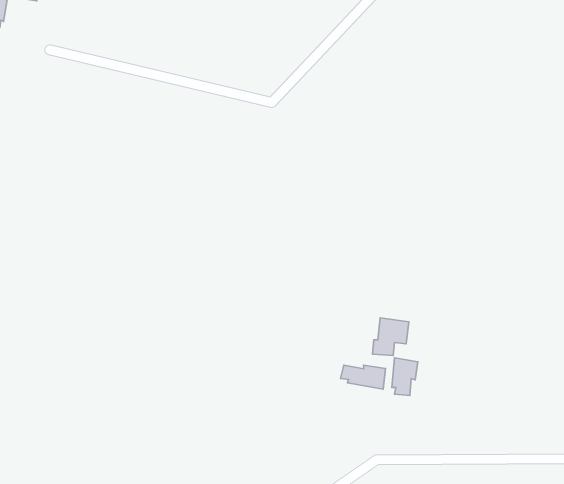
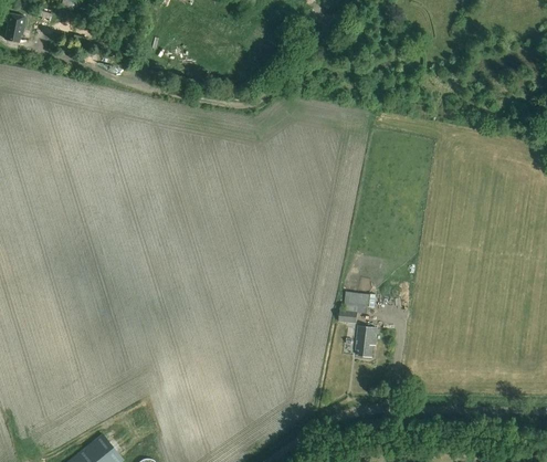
building: [341,365,385,389] -> none

